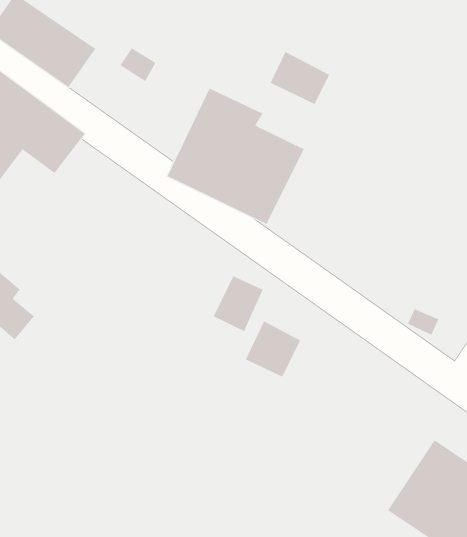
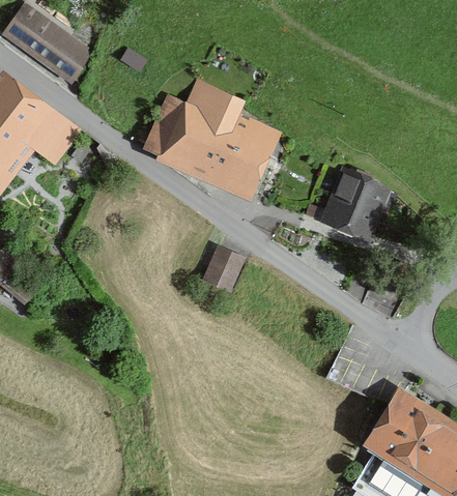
building: [270,51,330,105] -> none
building: none -> [320,173,388,242]
building: [245,321,301,377] -> none

